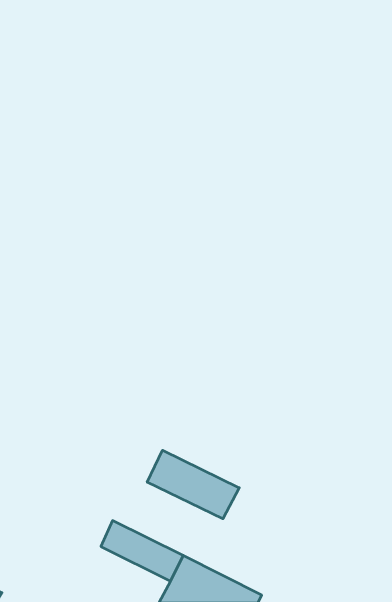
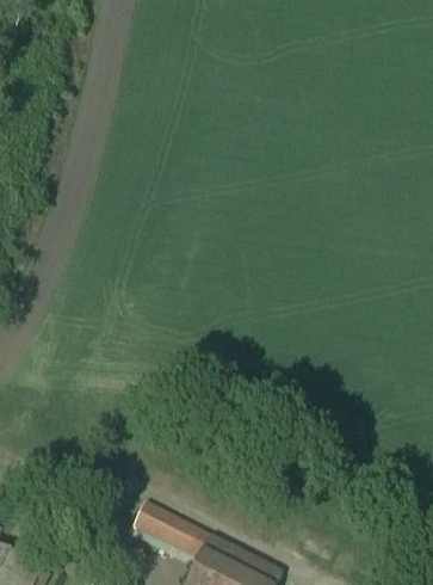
building: [147,450,239,519] -> none

